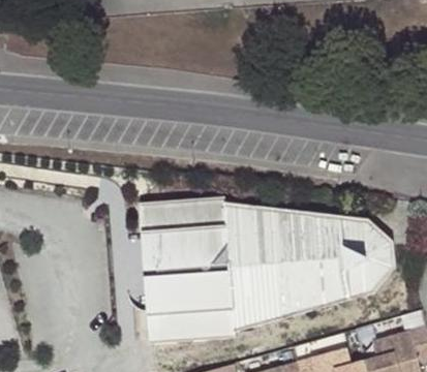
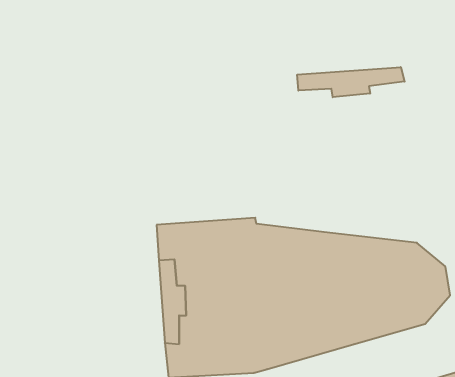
building: none -> [297,67,405,97]

